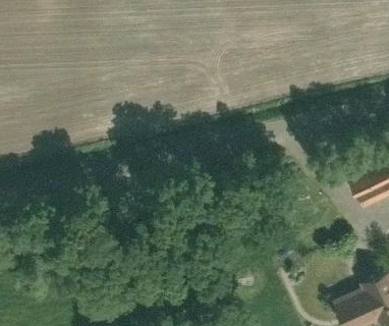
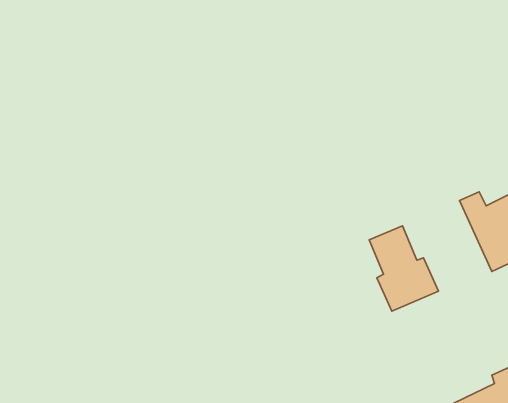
building: none -> [369,226,439,311]

